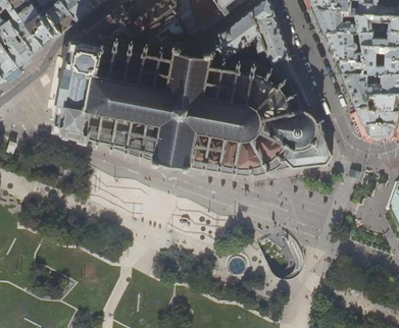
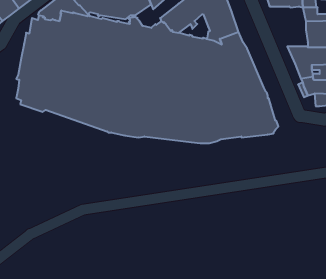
building: [323,30,362,71] -> none

